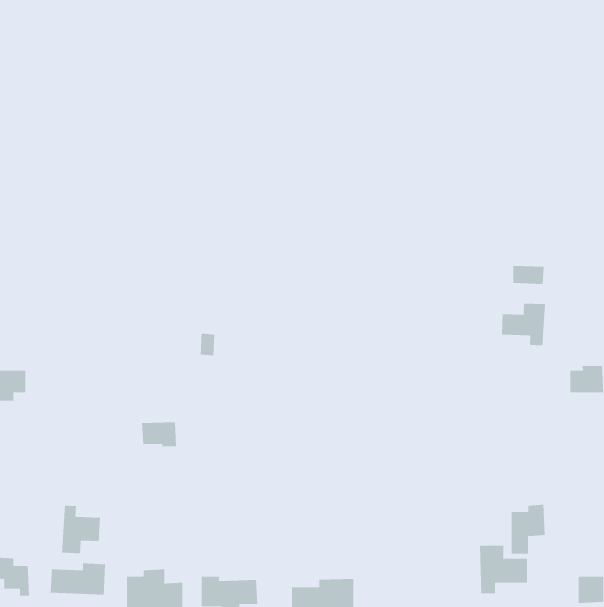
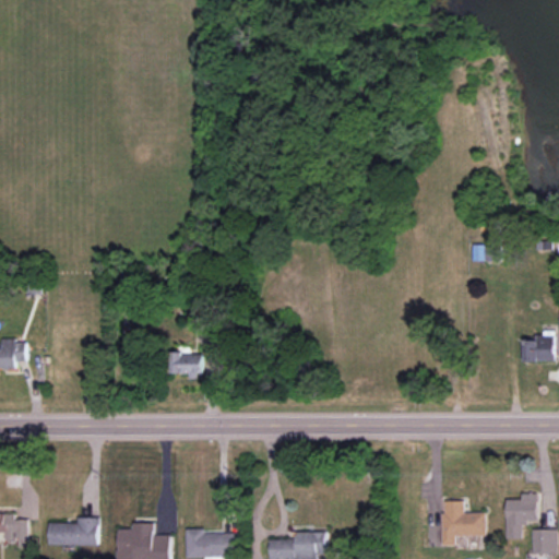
building: [501,303,546,346] -> none
building: [141,422,177,447] -> [169,354,202,377]
building: [511,504,545,554] -> [504,493,536,539]
building: [62,505,100,554] -> none

